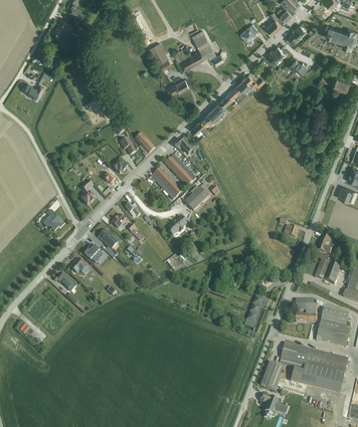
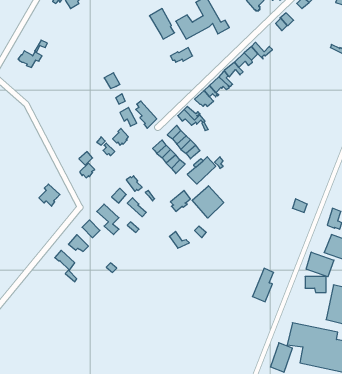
building: none -> [192,186,224,218]
building: none -> [306,252,334,277]

